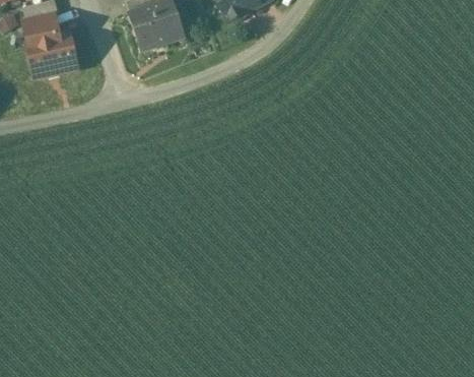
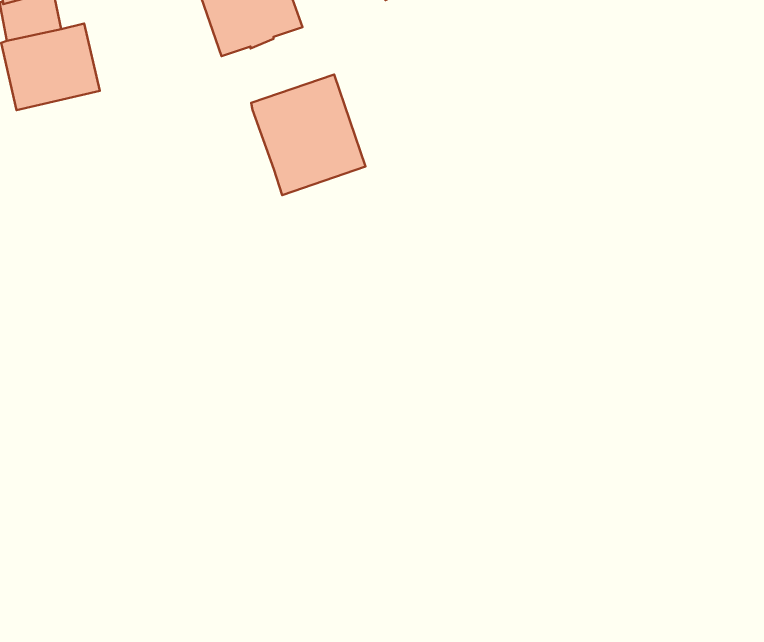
building: none -> [251,74,366,195]

